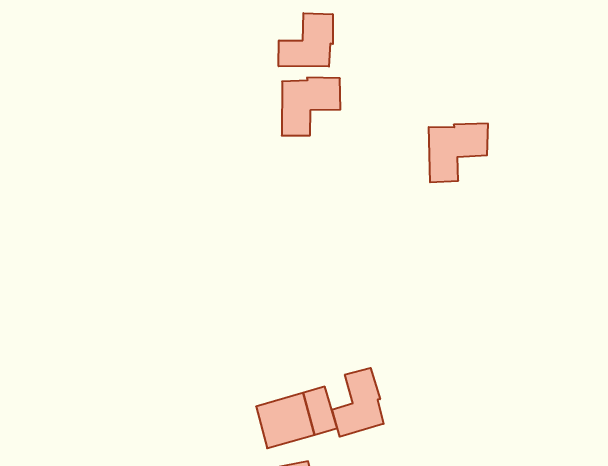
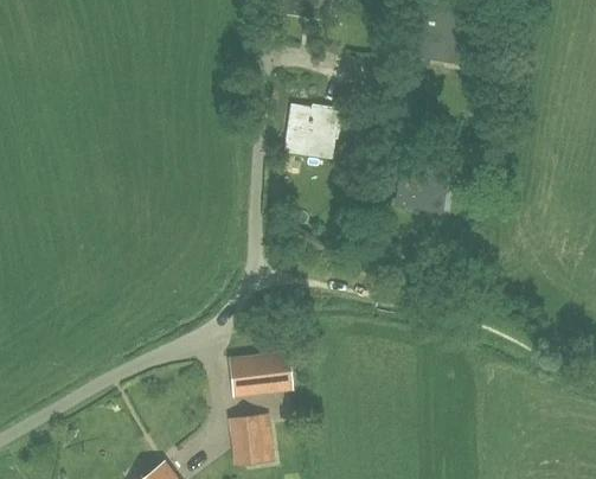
building: [279,13,333,67] -> none
building: [332,368,384,437] -> none

